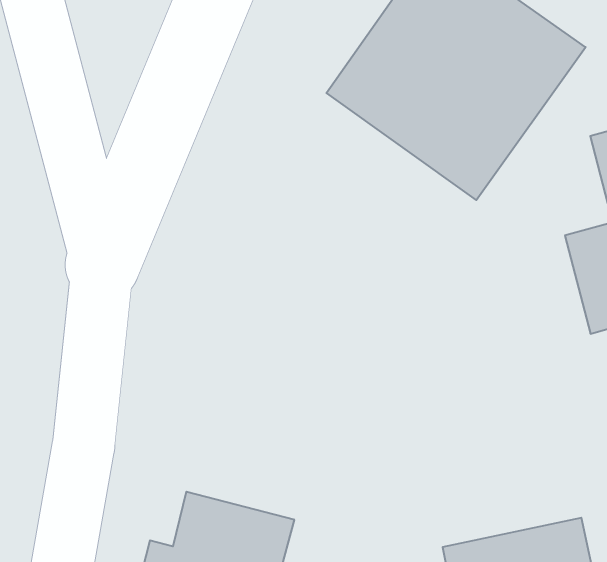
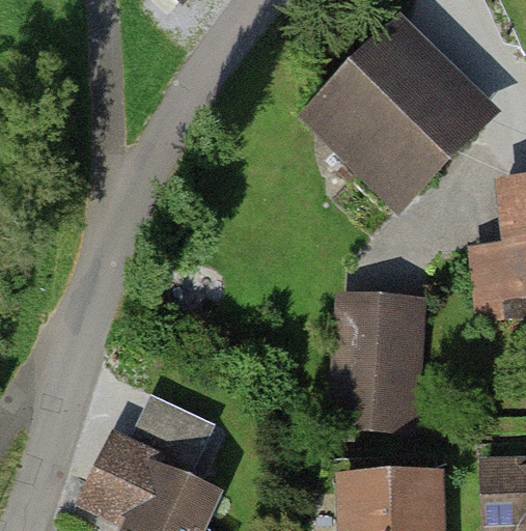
building: none -> [321,290,435,450]

